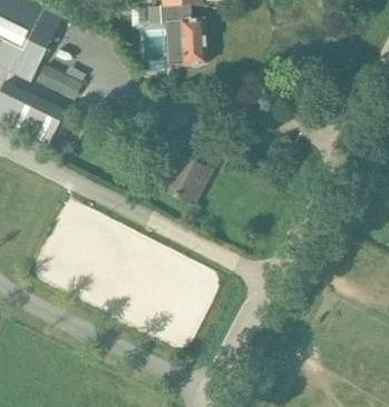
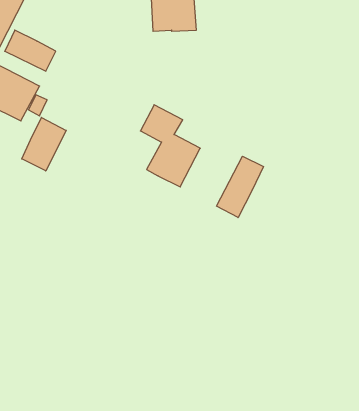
building: none -> [22,117,66,171]
building: none -> [217,156,263,218]

